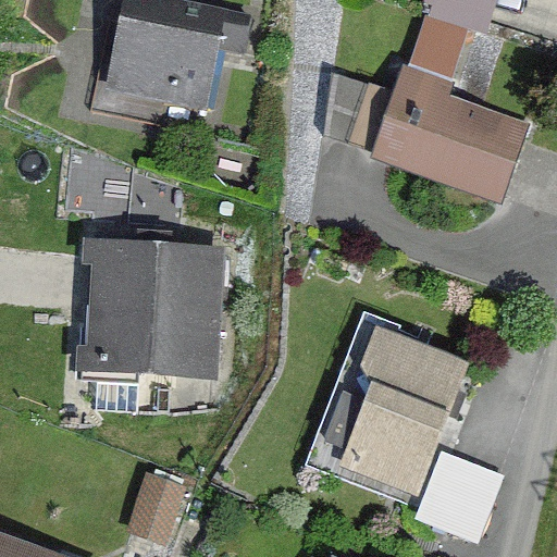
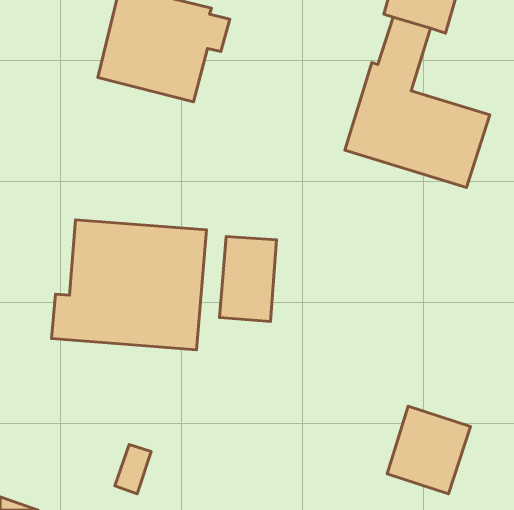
building: none -> [220,236,277,322]
building: [339,326,467,493] -> none

